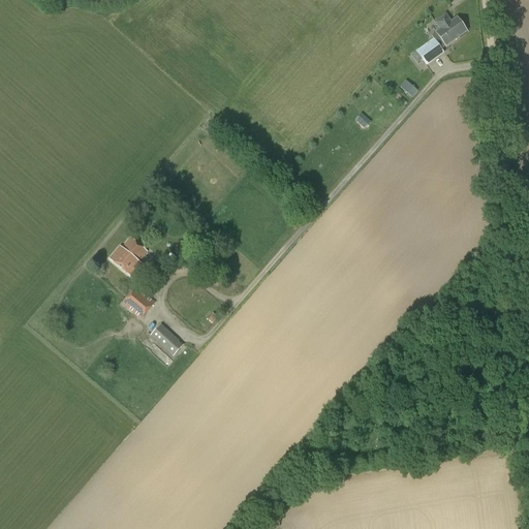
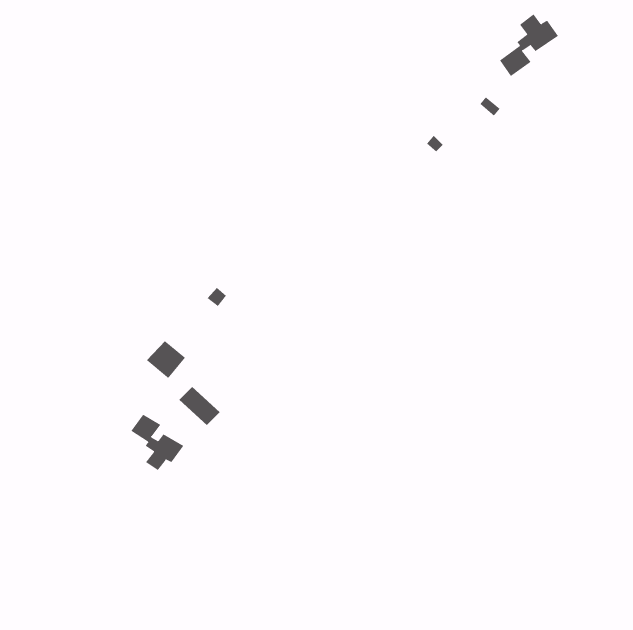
building: [110,236,148,275] -> none
building: none -> [131,414,184,471]

